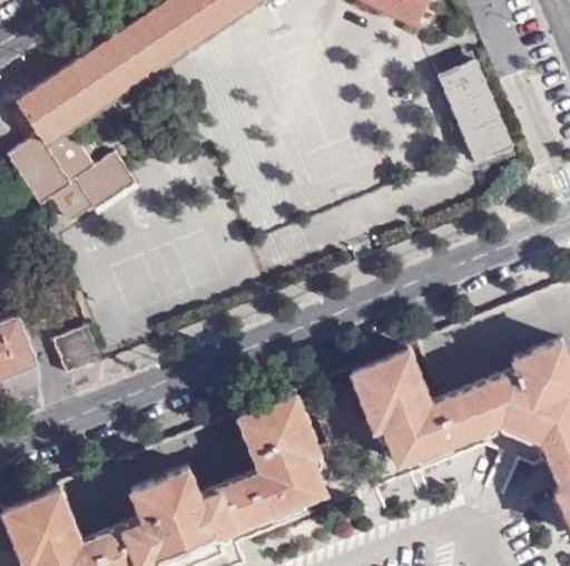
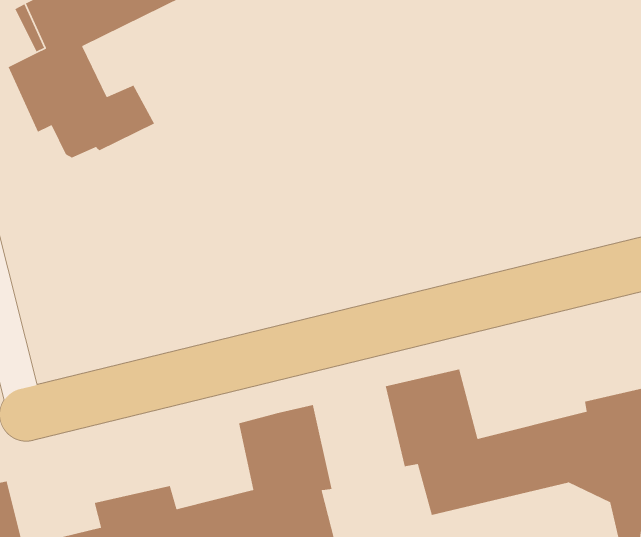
building: [431,60,515,169] -> none
building: [55,330,102,378] -> none

